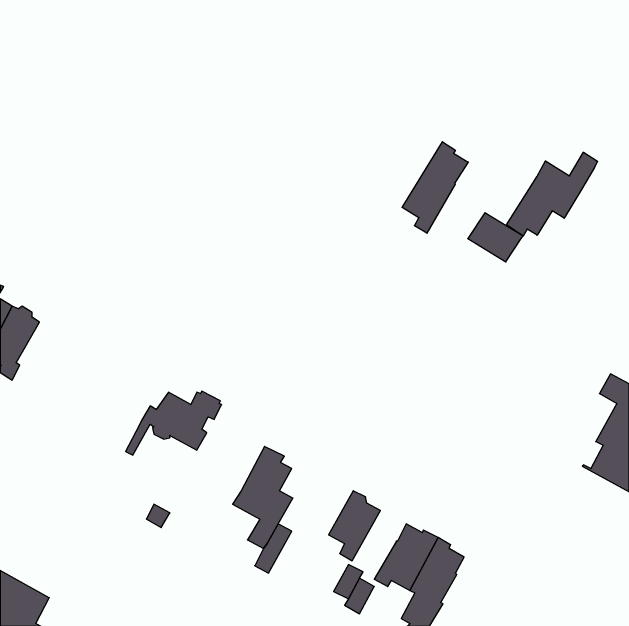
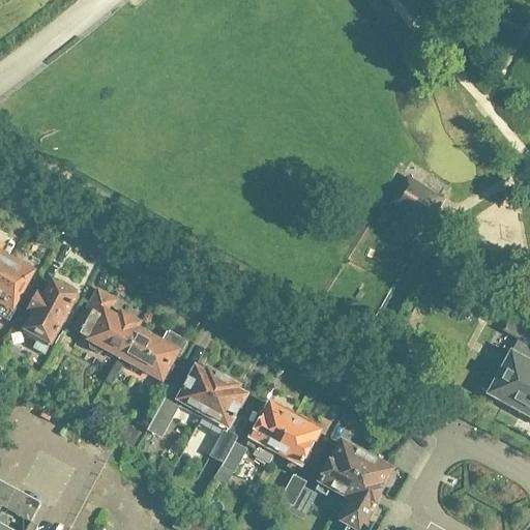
building: [402,142,468,233] -> none
building: [506,152,598,236] -> none
building: none -> [23,279,76,352]
building: none -> [72,290,142,358]
building: none -> [152,365,223,425]
building: none -> [245,402,297,461]

